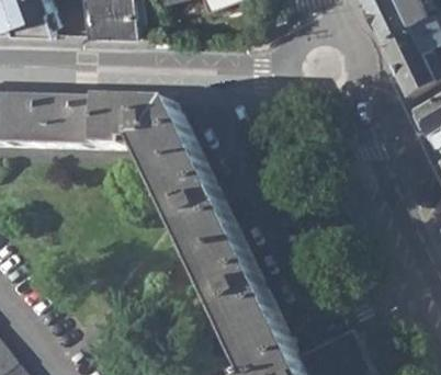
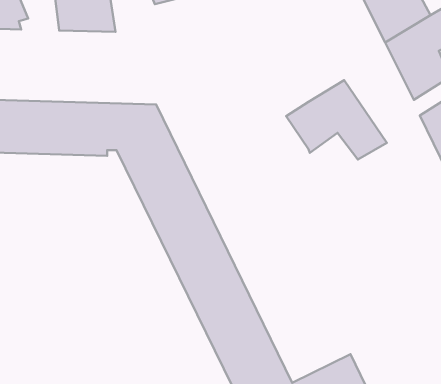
building: none -> [286,80,387,159]

